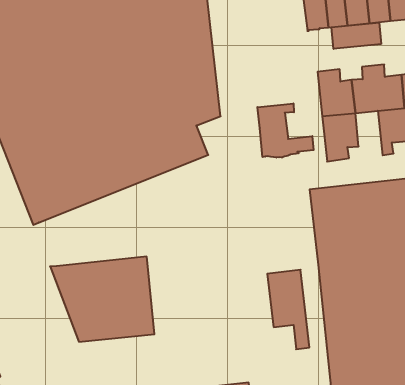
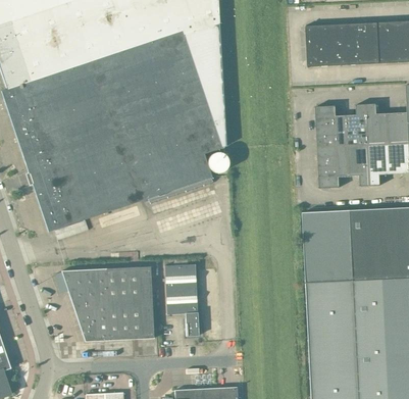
building: [331,22,381,49] -> none
building: [257,103,314,158] -> none
building: none -> [348,144,370,185]
building: [267,270,309,349] -> [163,263,198,336]

